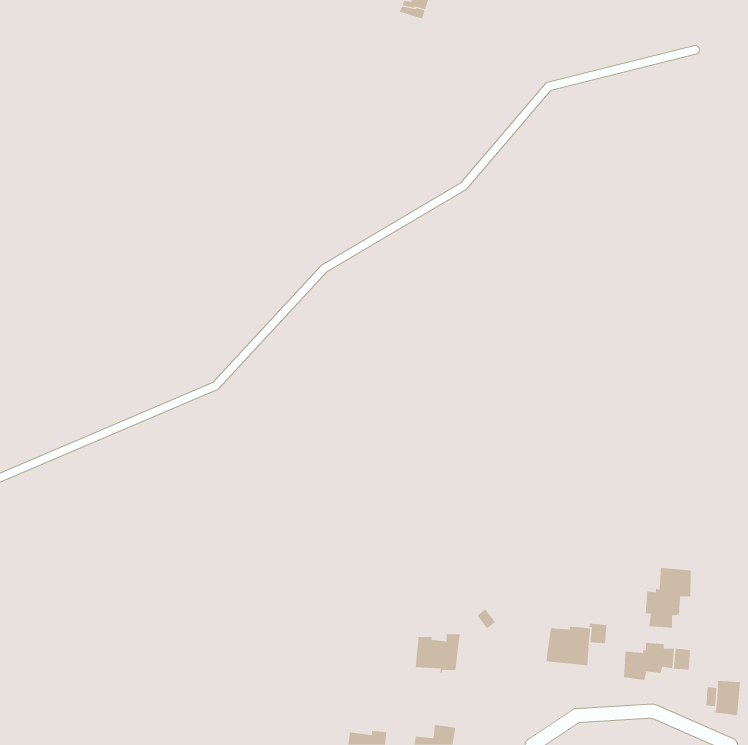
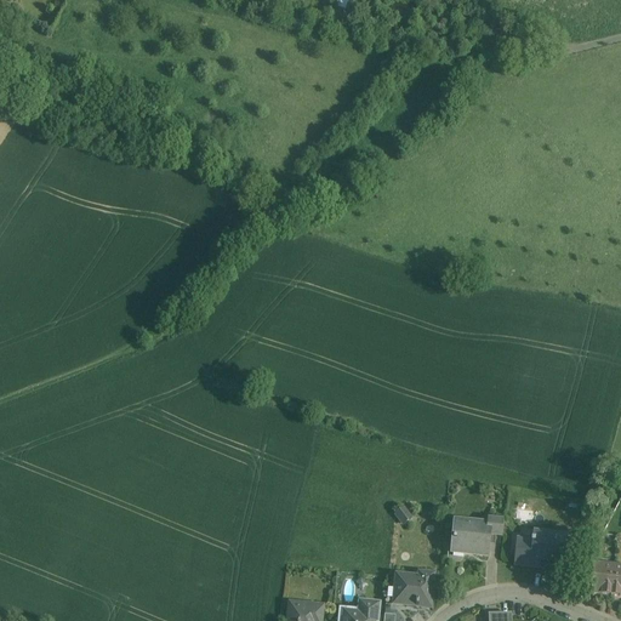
building: [645,567,691,629] -> none
building: [415,634,460,673] -> [394,571,432,604]

